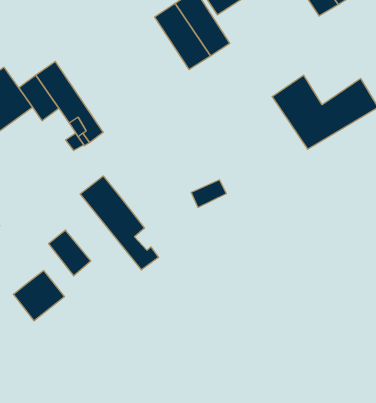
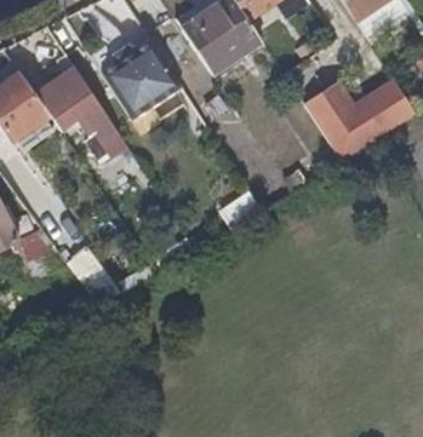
building: none -> [101,39,183,120]
building: [80,176,159,270] -> none
building: [13,271,64,321] -> none

